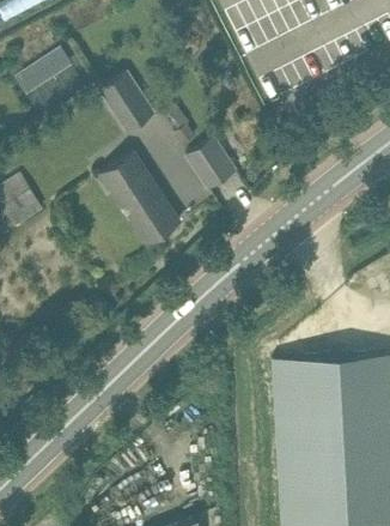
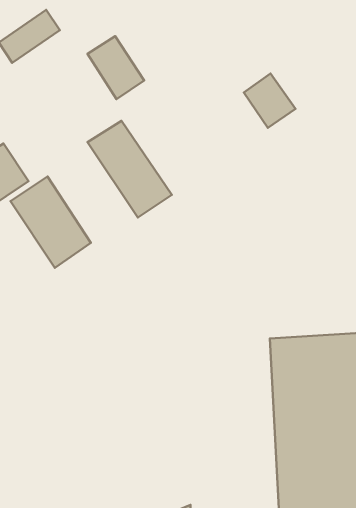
building: [188,140,237,192] -> [244,74,295,128]
building: none -> [11,177,91,268]

